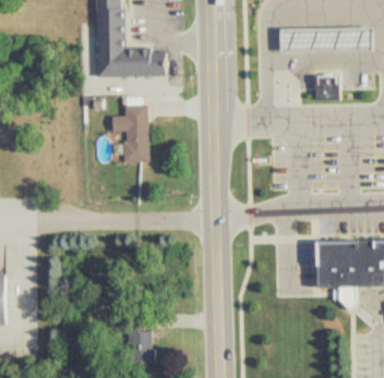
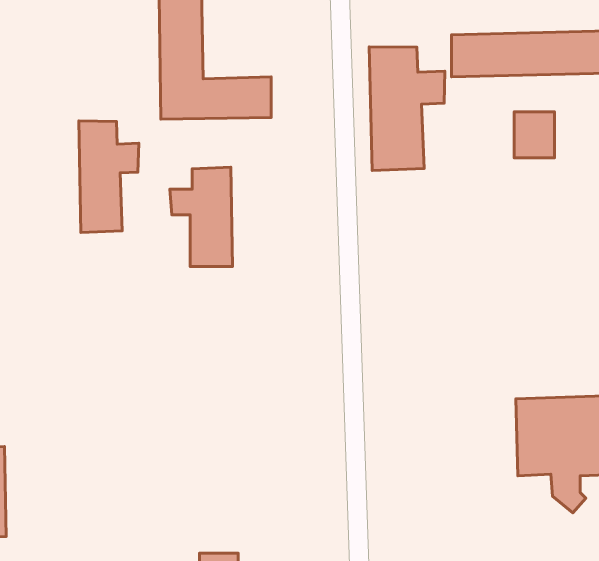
building: none -> [369,47,445,171]
building: none -> [79,121,139,232]

